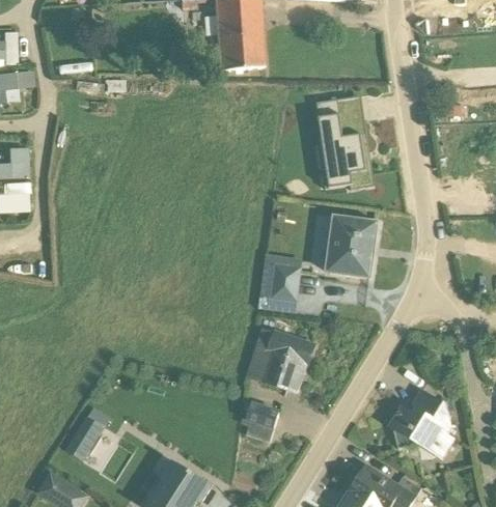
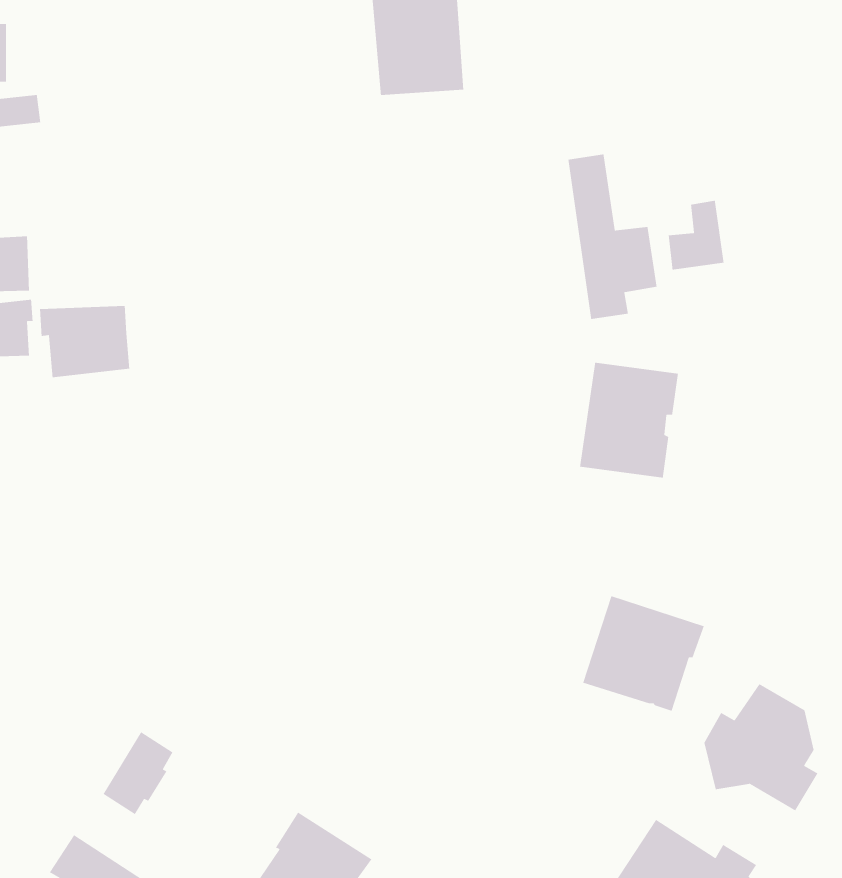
building: none -> [668,200,725,271]
building: none -> [39,305,130,378]
building: [256,261,301,311] -> none
building: [247,328,313,391] -> [582,595,705,712]
building: [241,399,279,441] -> none

